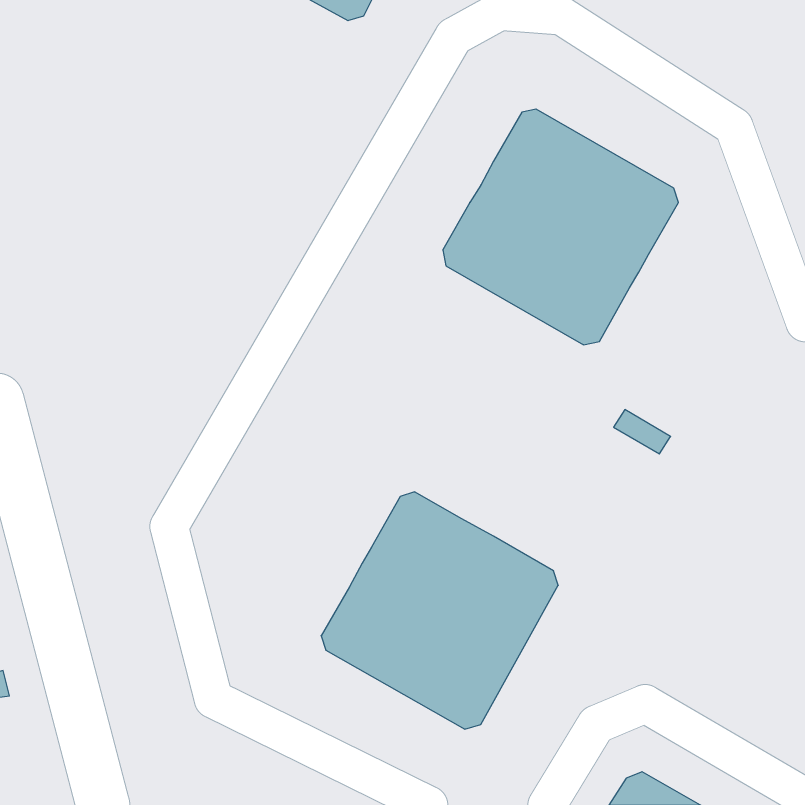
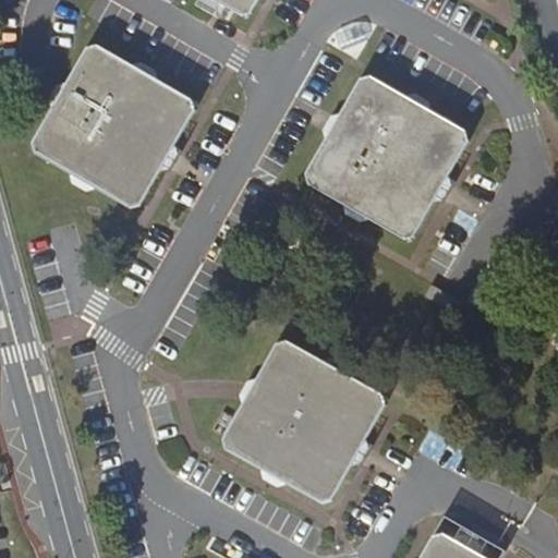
building: none -> [32,44,194,207]

